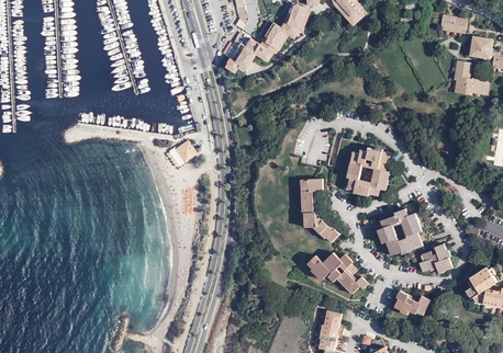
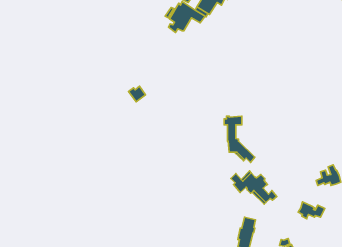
building: [347,148,389,193] -> none
building: [378,208,418,254] -> none

